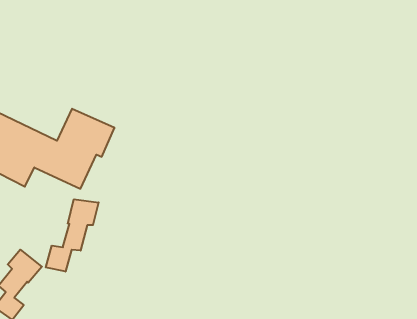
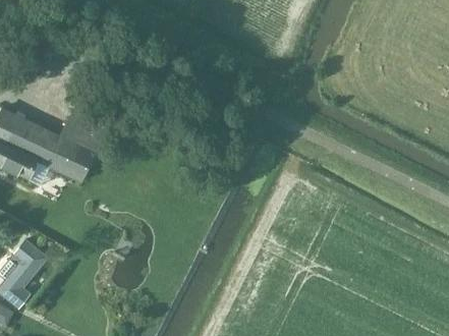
building: [46,199,99,272] -> none

